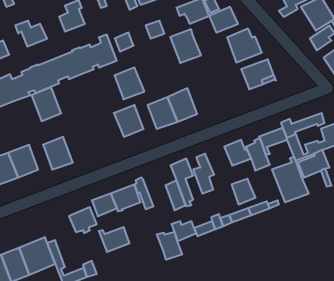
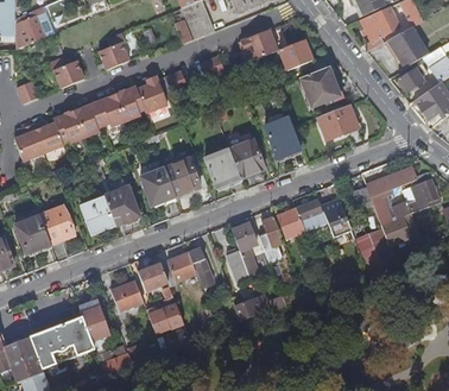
building: [170,29,201,63] -> [264,116,301,157]
building: [114,68,144,99] -> [140,166,176,204]
building: [31,87,61,121] -> [103,185,139,226]
building: [232,179,256,204] -> [277,207,305,238]
building: [157,232,182,260] -> none

